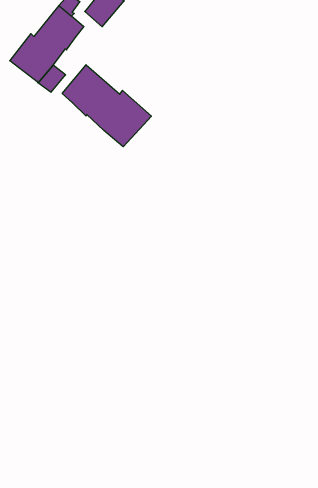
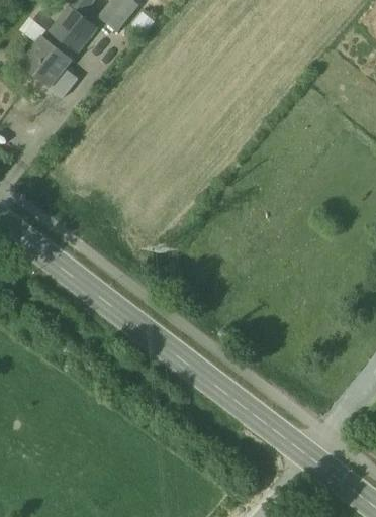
building: [62,65,151,147] -> none

